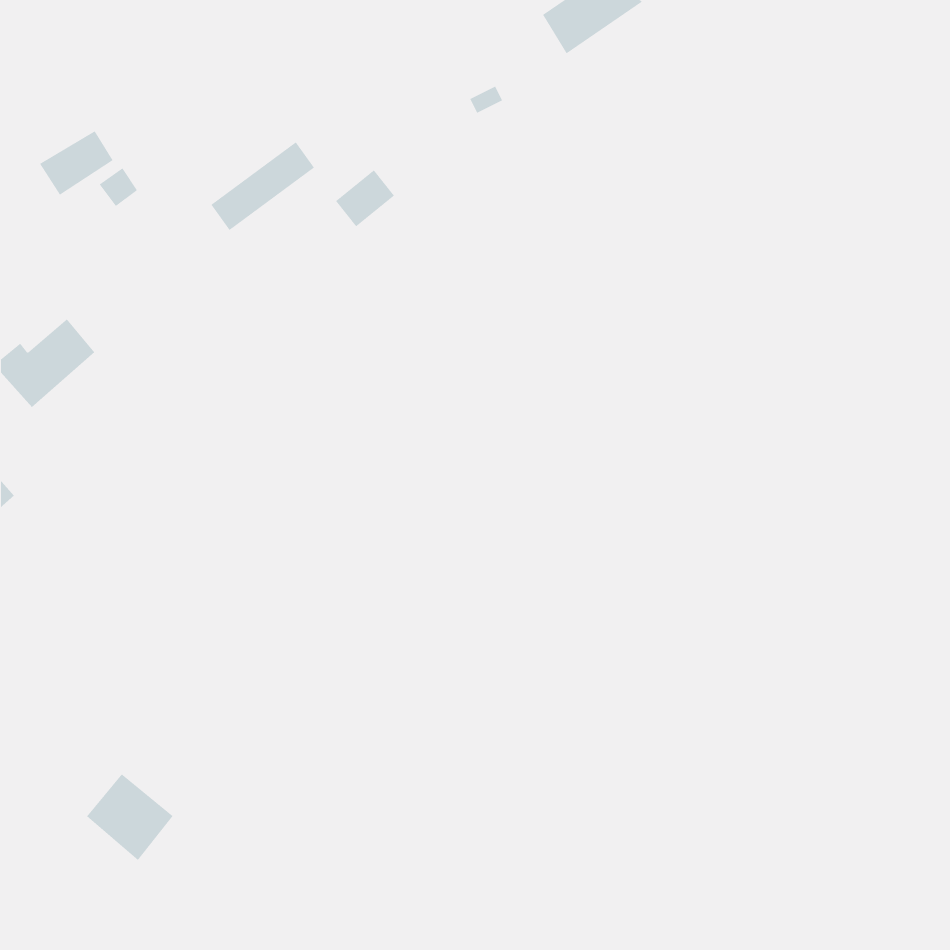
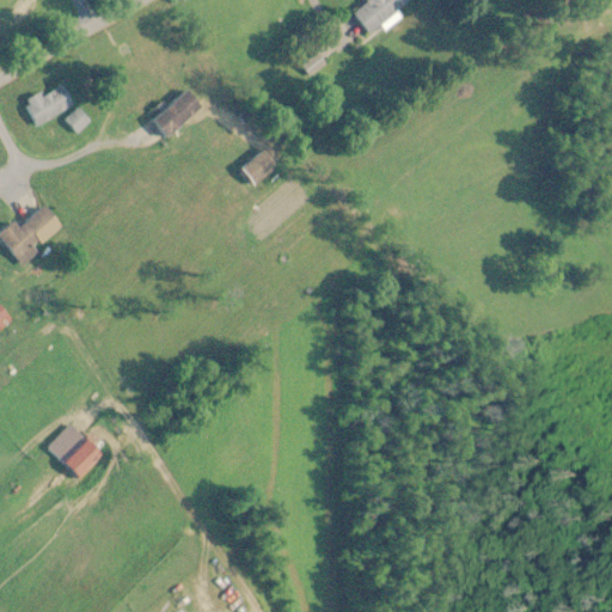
building: [335,170,395,227] -> [240,149,279,186]
building: [86,773,174,861] -> [45,423,102,479]

